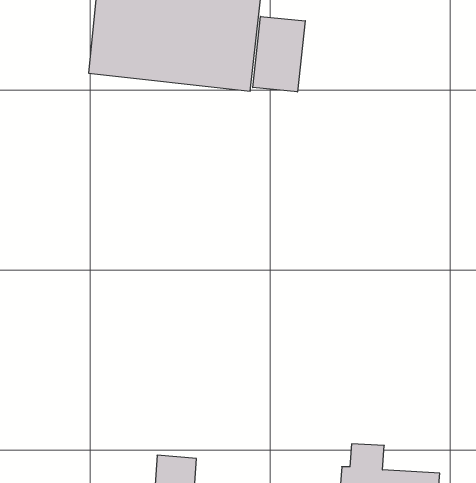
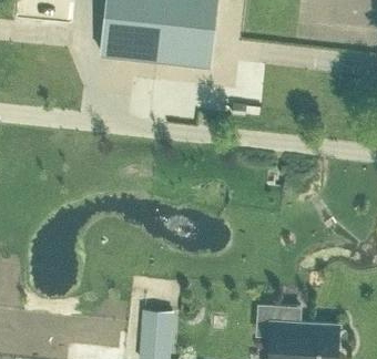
building: [253,16,305,92] -> none

